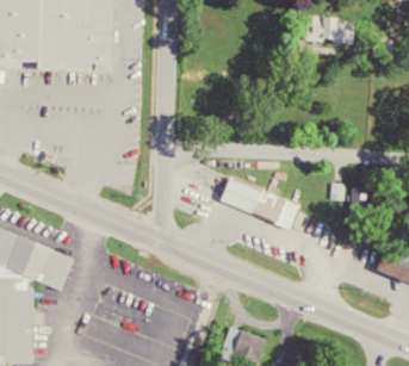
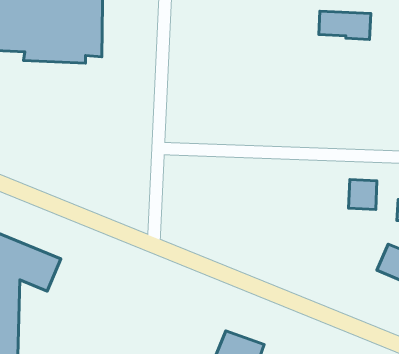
building: [219,176,299,229] -> none

